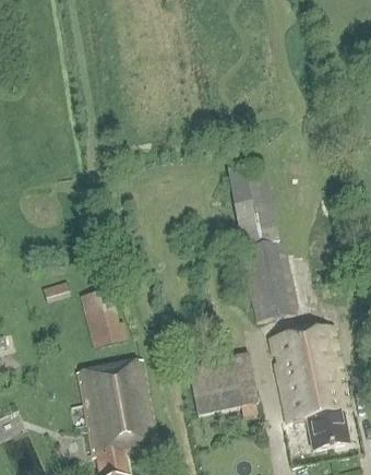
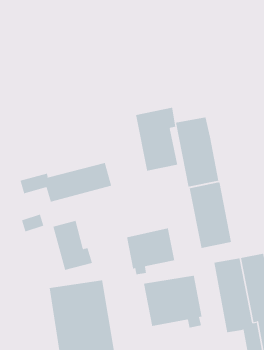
building: none -> [136,107,178,171]
building: none -> [20,162,112,203]
building: none -> [127,227,175,275]

